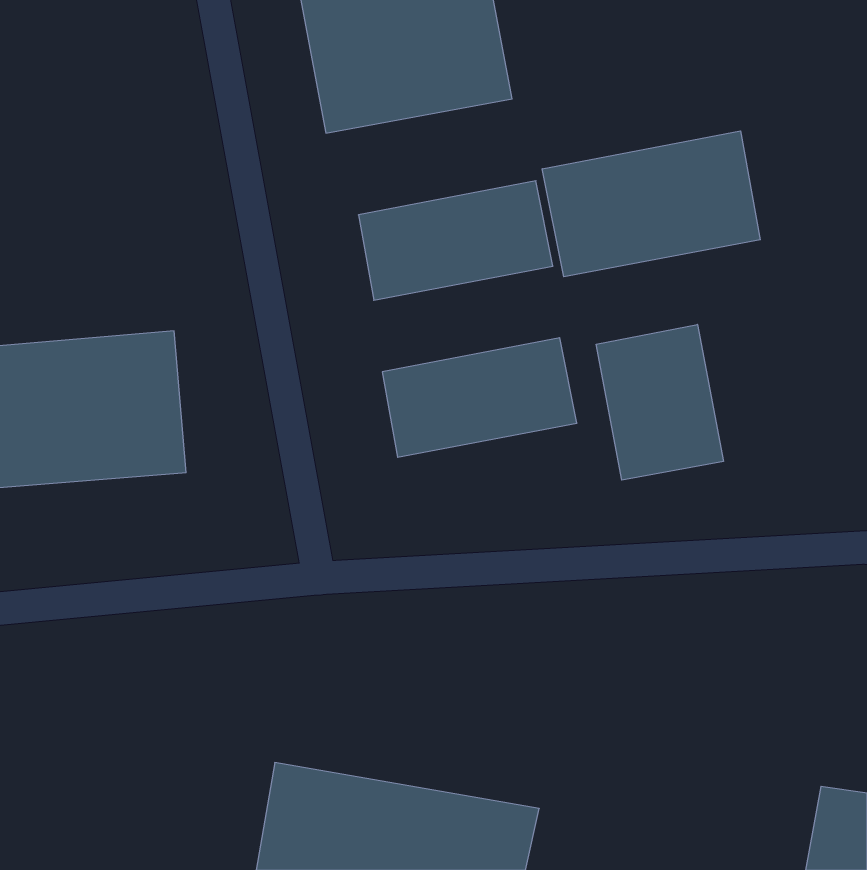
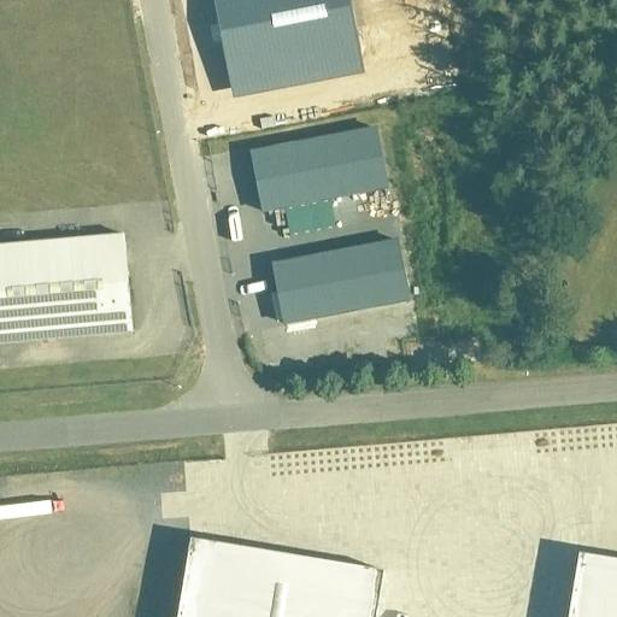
building: [542,131,760,277] -> none
building: [596,324,723,480] -> none

